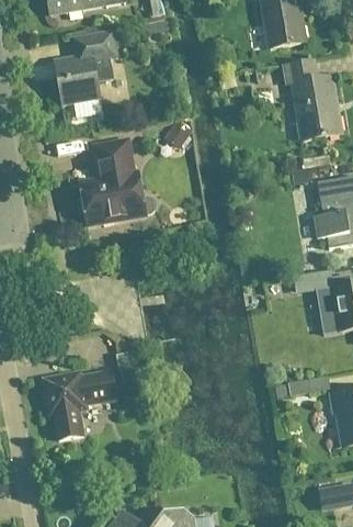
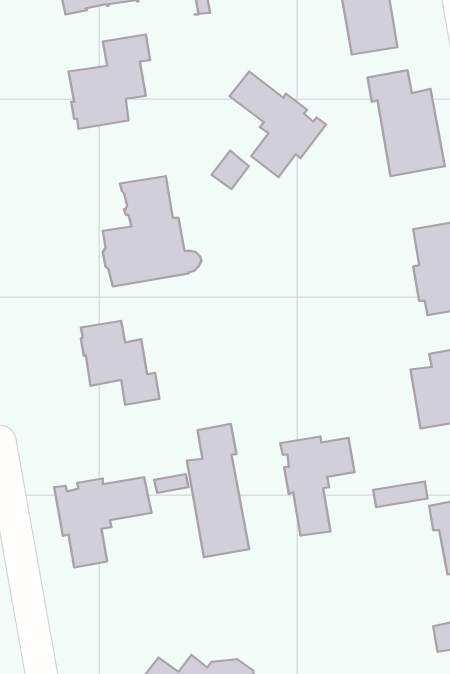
building: none -> [229,72,326,177]
building: none -> [81,321,159,405]
building: none -> [187,424,249,557]
building: none -> [280,436,354,536]

